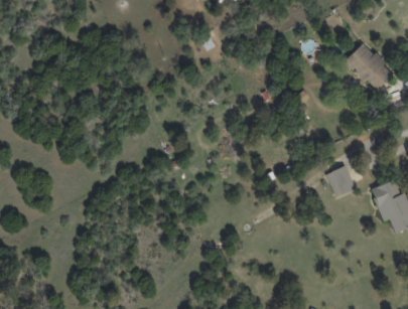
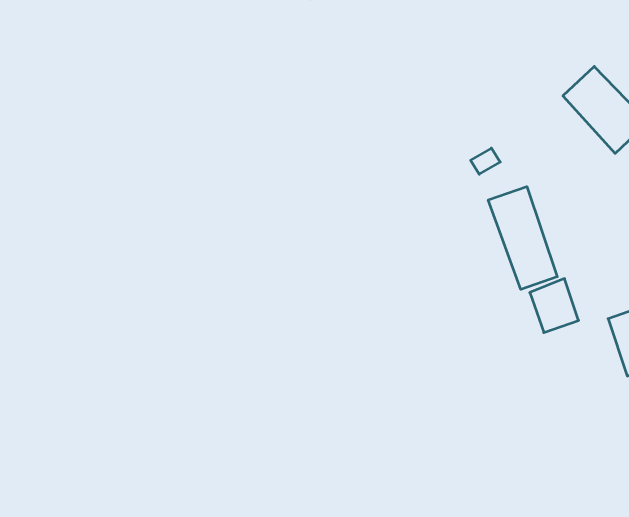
building: none -> [488,187,557,289]

